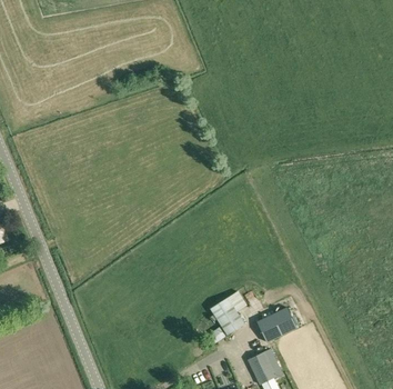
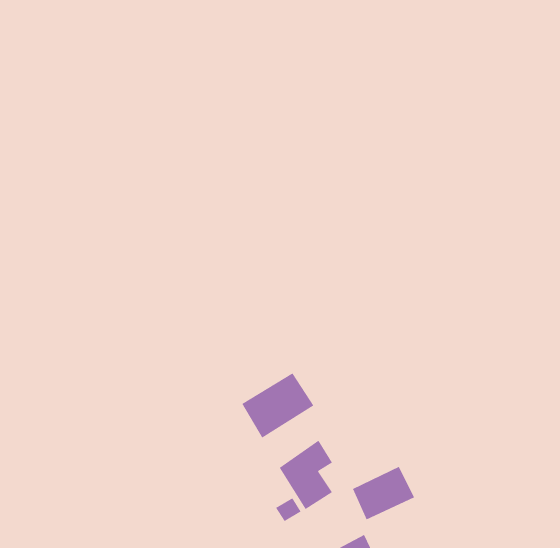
building: none -> [242,373,314,438]

